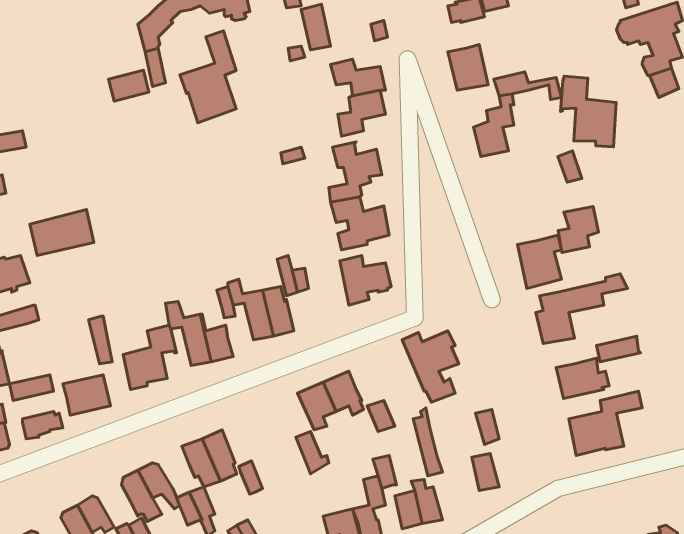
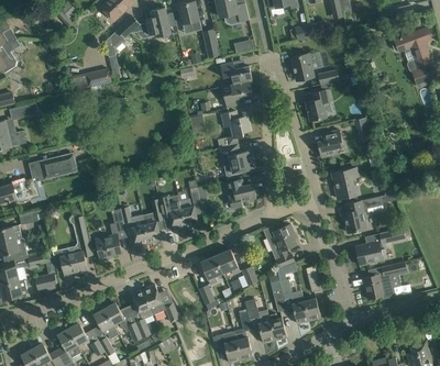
building: [180,31,236,123] -> none
building: [561,76,616,147] -> none
building: [558,207,599,252] -> [318,130,342,157]
building: none -> [278,278,308,323]

